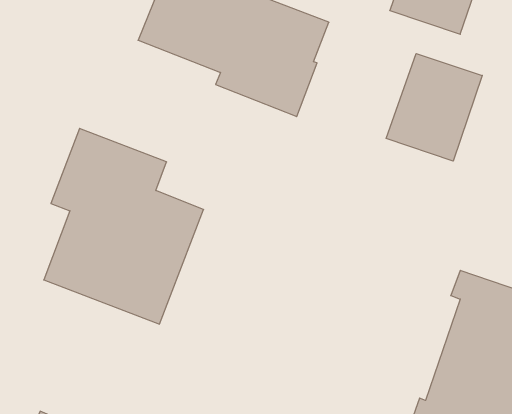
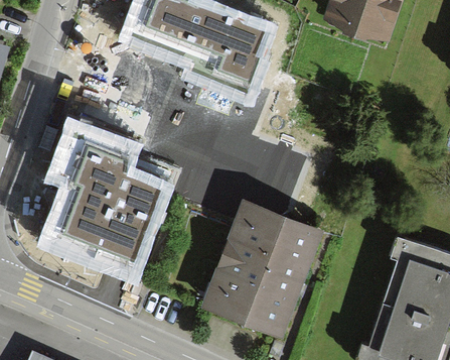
building: [386,54,482,161] -> none
building: none -> [210,202,324,333]

